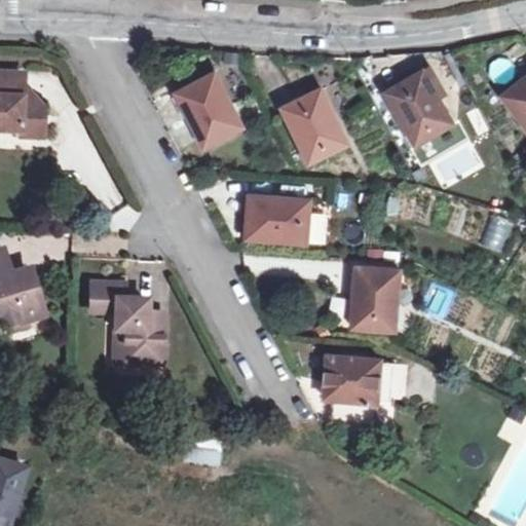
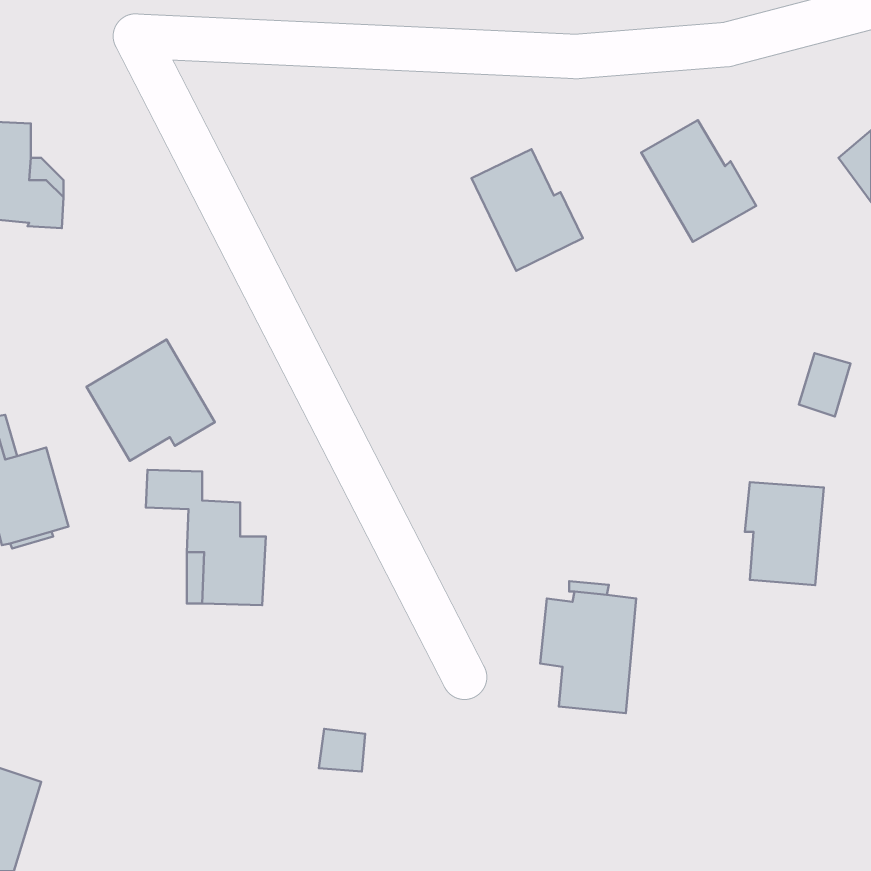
building: [176,73,243,146] -> none
building: [247,197,310,242] -> none
building: none -> [87,340,215,461]
building: [354,268,402,330] -> [745,482,824,585]

